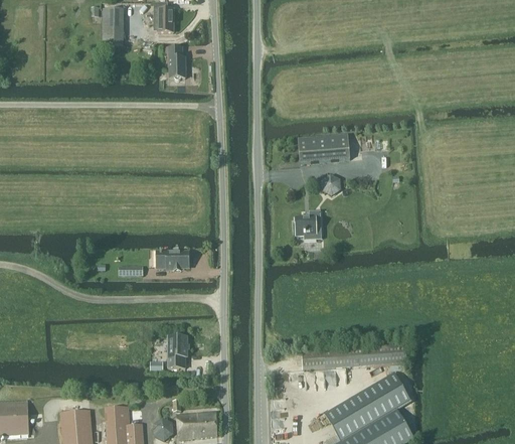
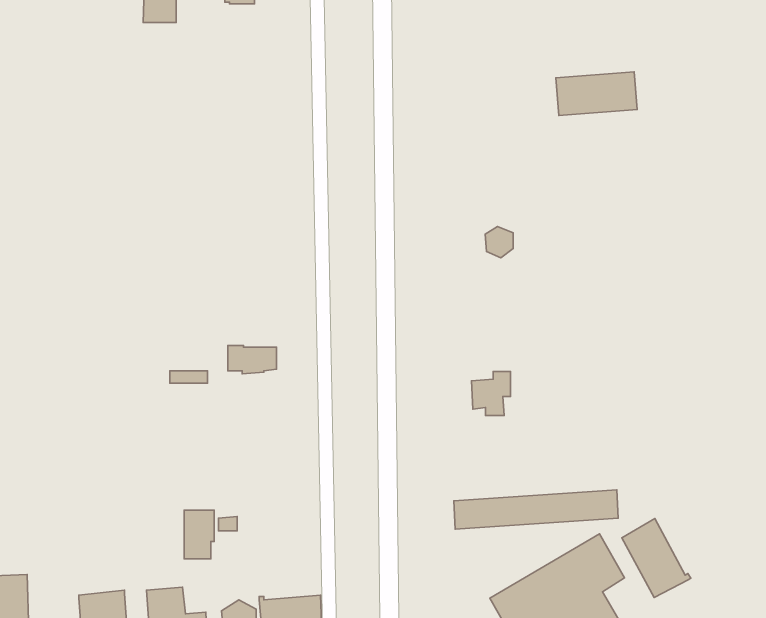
building: [169,47,185,80] -> none
building: [297,134,349,162] -> [556,72,637,116]
building: [295,210,320,239] -> [471,371,511,415]
building: [167,336,186,367] -> [184,510,214,559]
building: none -> [622,519,691,598]

